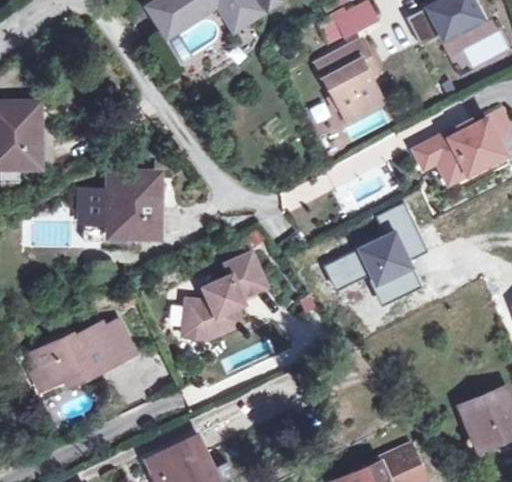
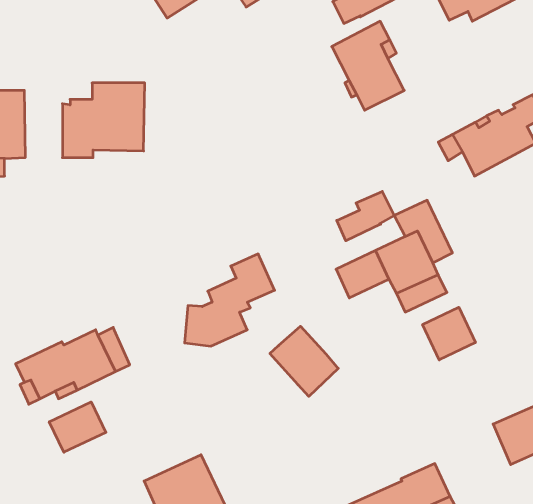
building: [83,174,158,242] -> [62,83,145,158]
building: none -> [337,191,394,241]
building: none -> [423,307,475,360]
building: none -> [270,326,338,396]
building: none -> [49,402,106,452]

